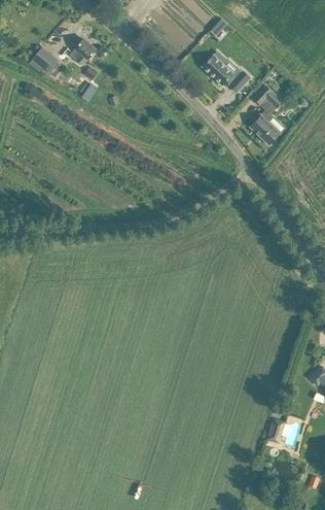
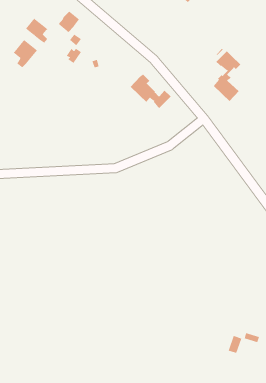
building: [202,50,250,92] -> [130,74,171,109]
building: none -> [13,39,38,68]

